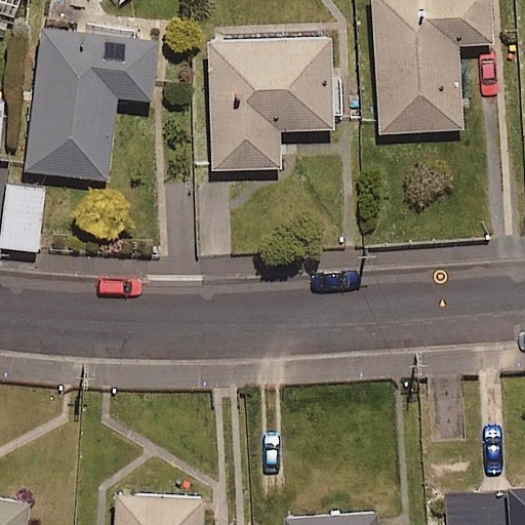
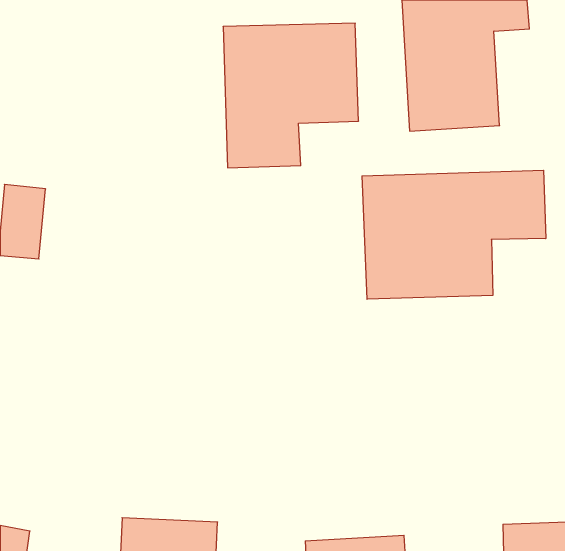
building: [25,25,158,180] -> none
building: none -> [362,170,546,299]

